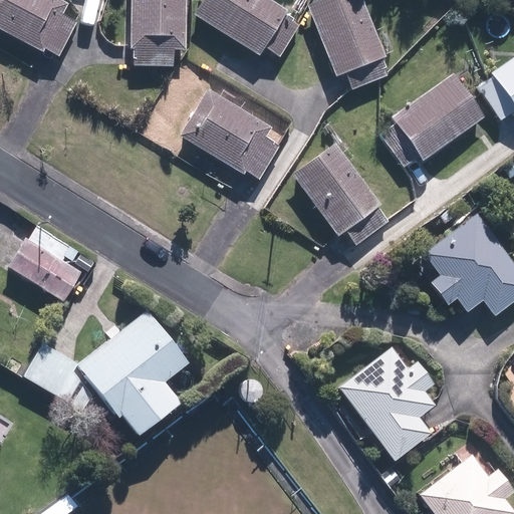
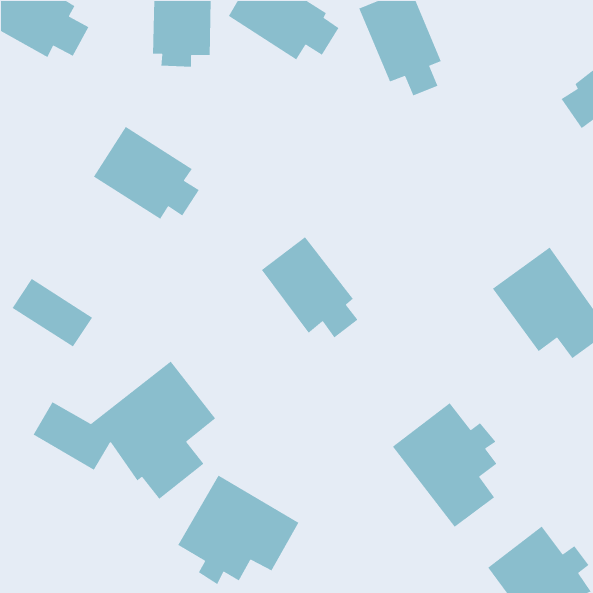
building: [390,78,477,156] -> none
building: [184,91,276,173] -> [93,126,200,220]
building: [296,148,380,236] -> [261,236,359,338]
building: none -> [177,475,300,585]

